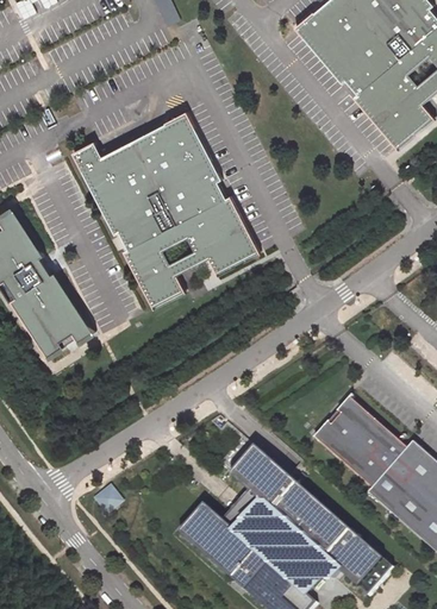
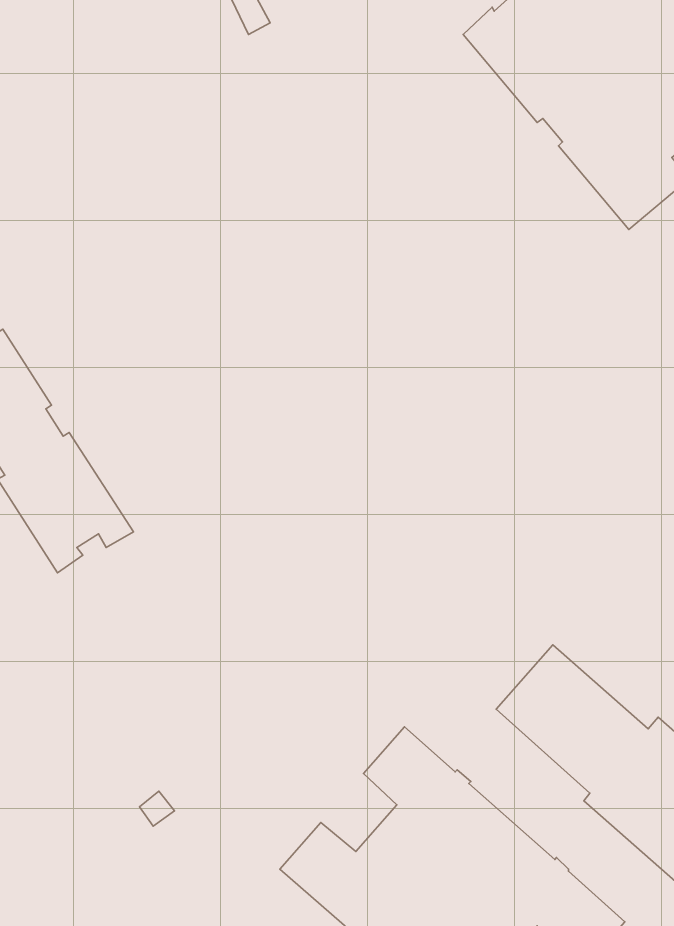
building: [74,109,261,304] -> none

